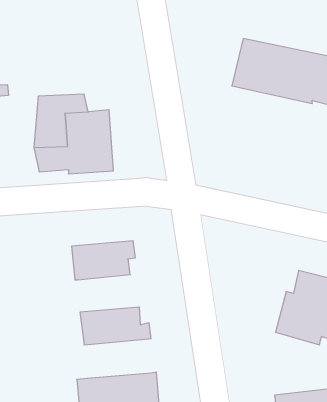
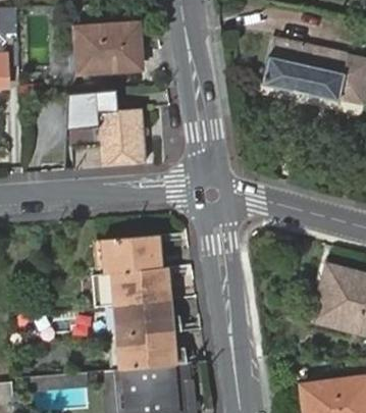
building: none -> [75,23,140,71]
building: none -> [110,267,173,305]
building: none -> [116,331,181,369]

